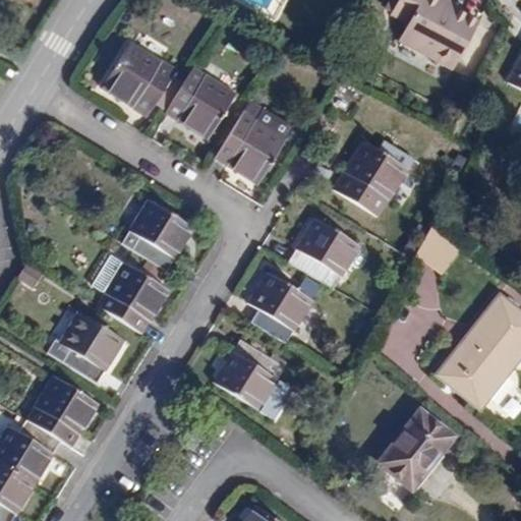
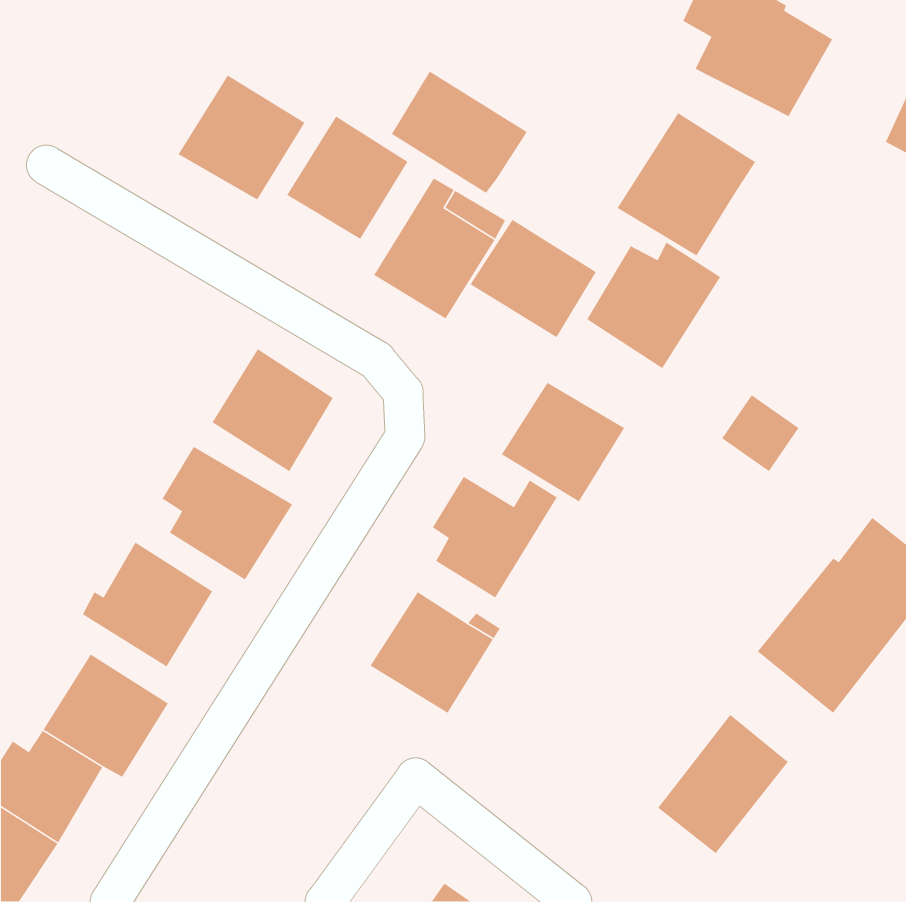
building: none -> [391,71,528,194]
building: none -> [617,112,756,257]
building: none -> [470,219,597,338]

